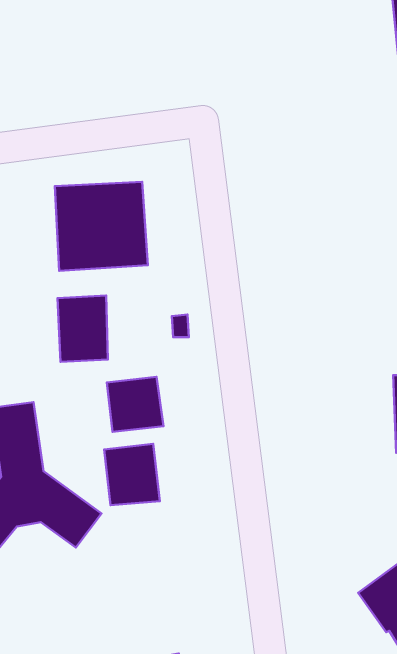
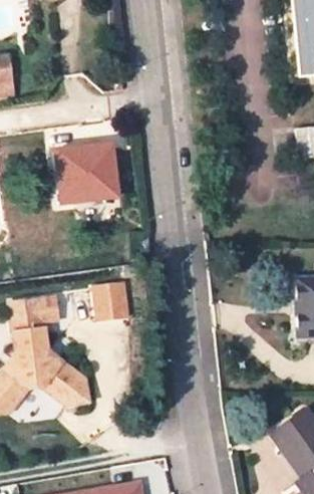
building: [57,296,108,362] -> none
building: [104,444,160,505] -> none

